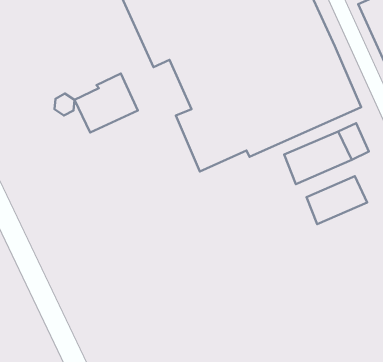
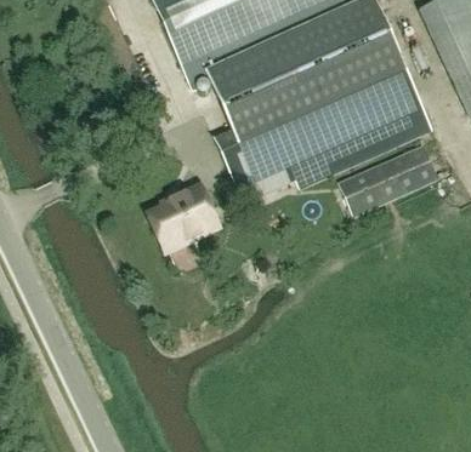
building: [74,74,138,132] -> [147,183,220,251]
building: [307,176,367,224] -> none

